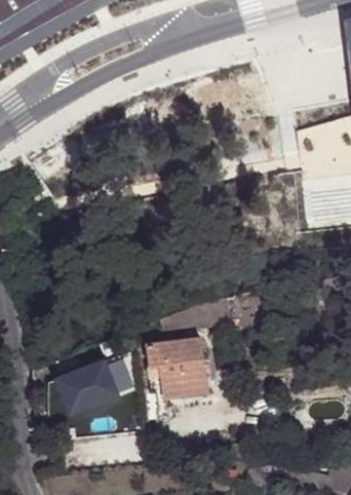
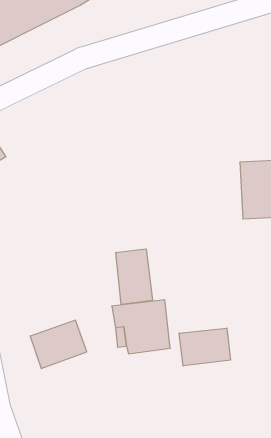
building: none -> [116,249,152,305]
building: none -> [179,328,231,366]

